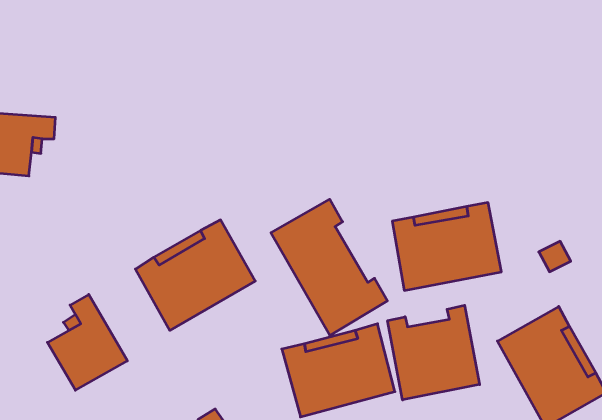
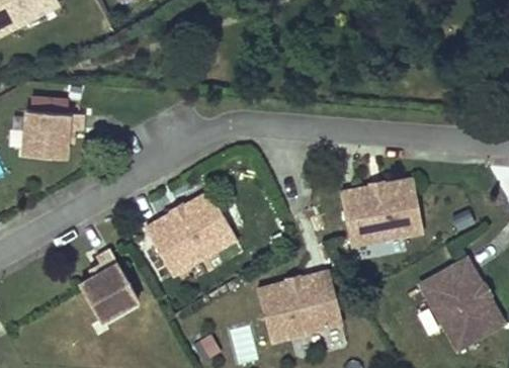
building: [271,199,387,336] -> none
building: [388,305,480,400] -> none

